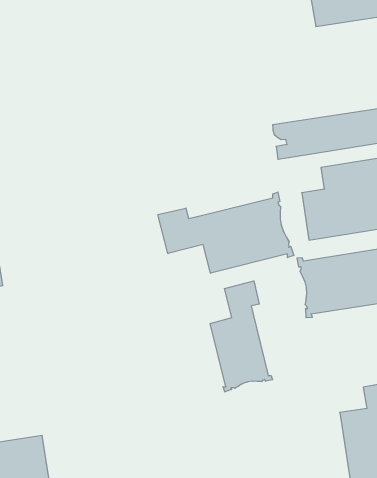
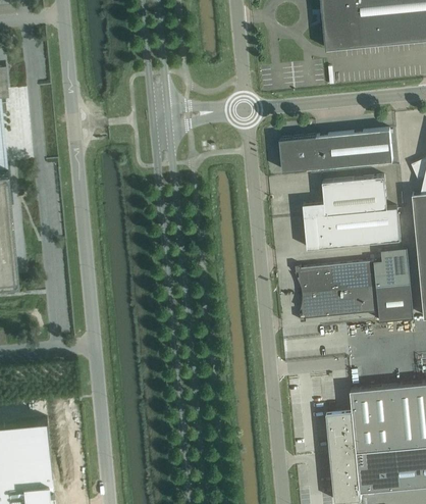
building: [158,192,294,273] -> none
building: [210,281,273,392] -> none

